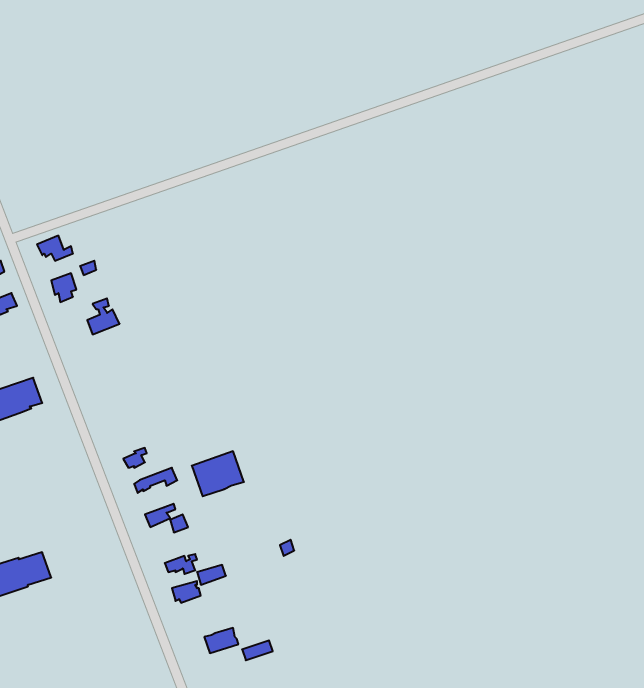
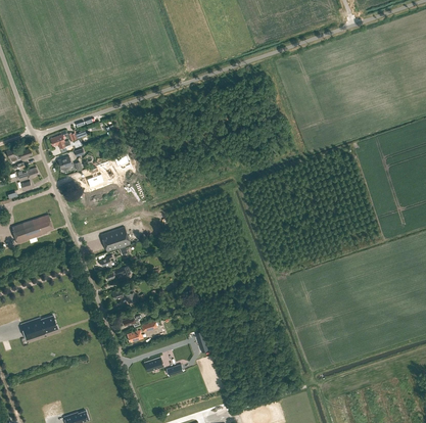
building: [192,451,244,496] -> [101,228,131,253]

